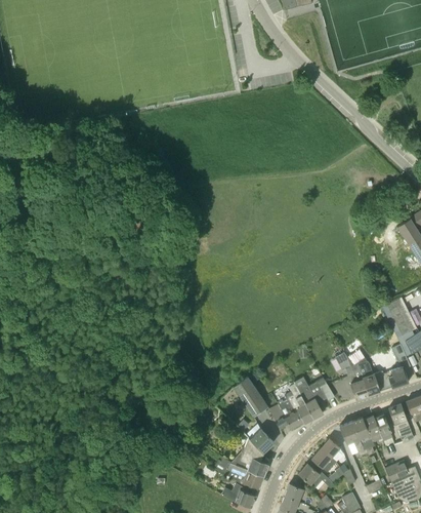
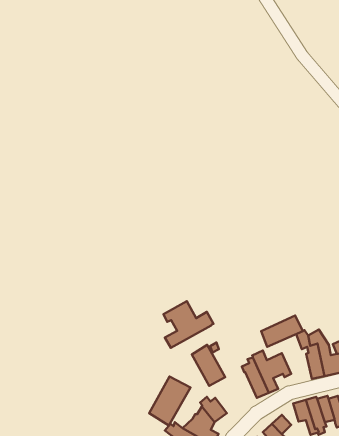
building: none -> [163,301,213,348]
building: none -> [261,315,303,347]
building: [268,400,302,431] -> none
building: none -> [149,376,190,426]

